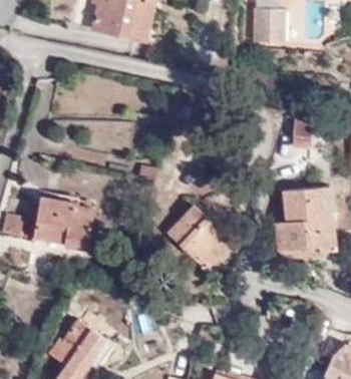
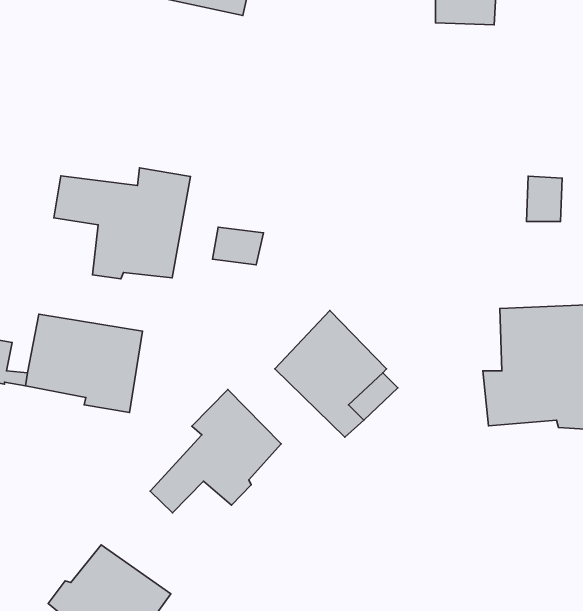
building: none -> [54,168,190,279]
building: none -> [150,390,281,513]

